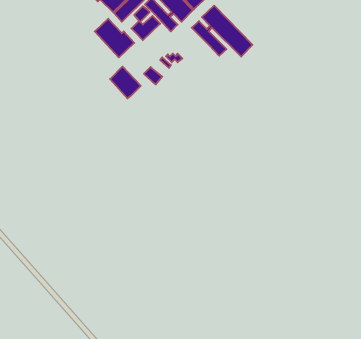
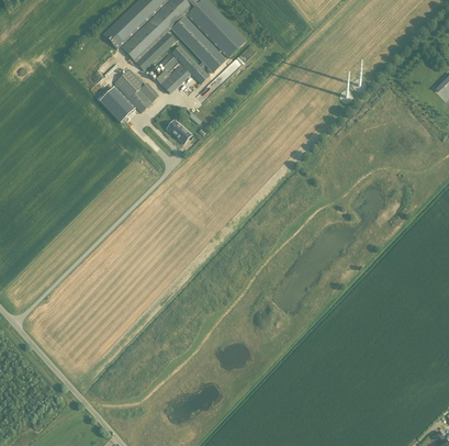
building: [192,6,252,57] -> none
building: [110,67,141,98] -> [99,87,134,123]

